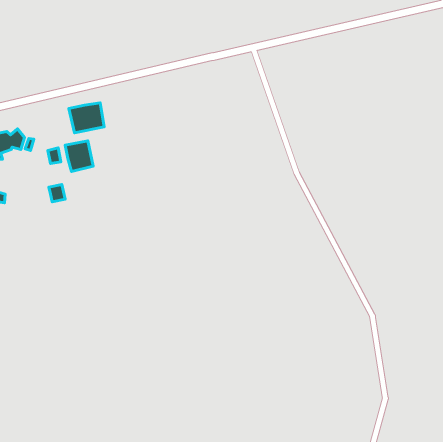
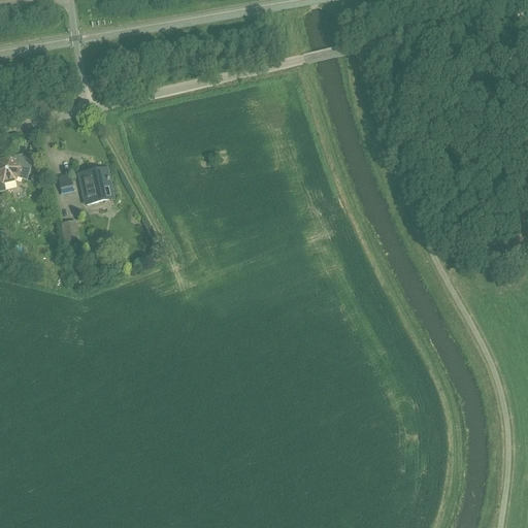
building: [69,103,104,133] -> none

